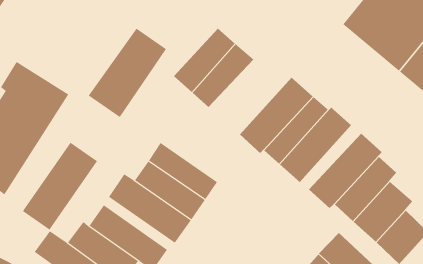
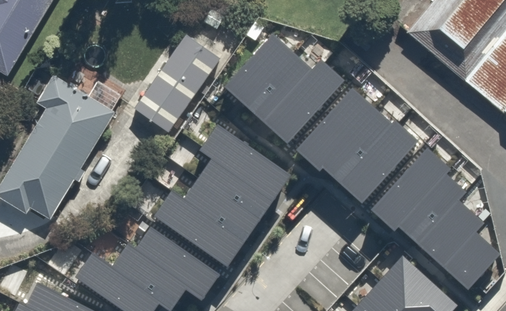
building: none -> [263,59,345,143]
building: none -> [199,124,291,201]
building: [22,142,98,230] -> none

